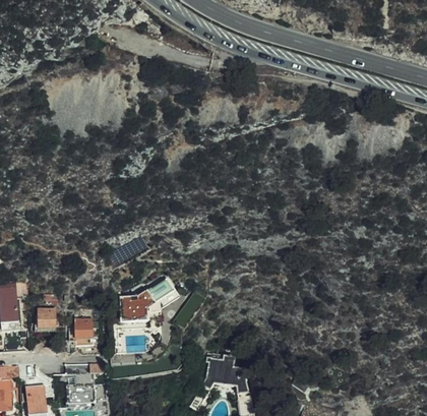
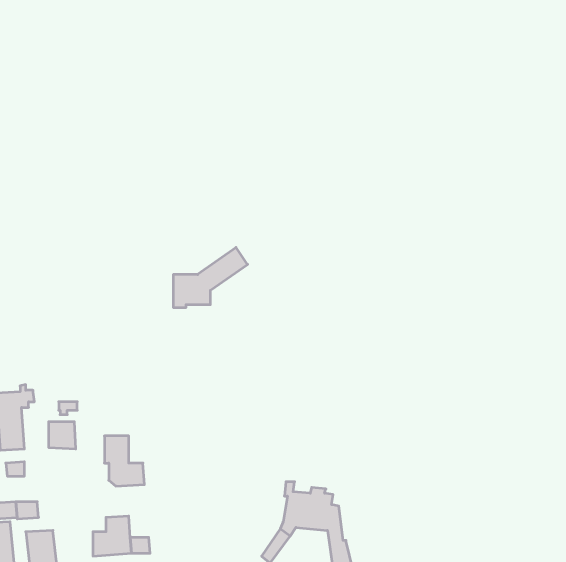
building: [120,277,173,319] -> [173,247,248,307]

